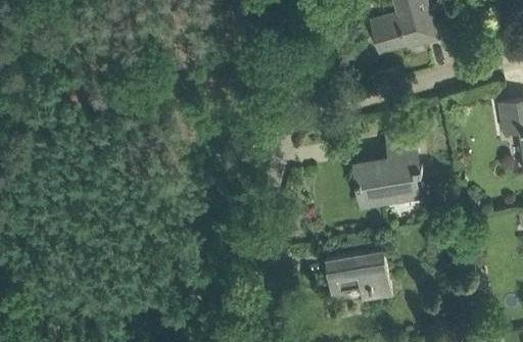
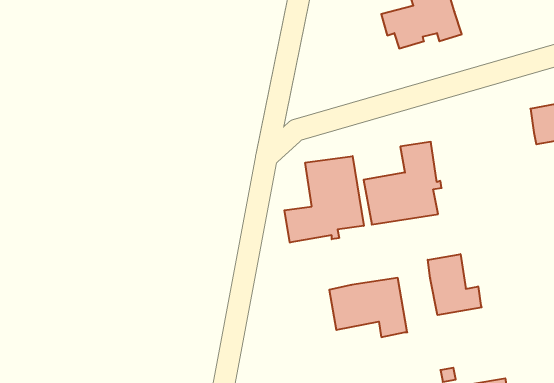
building: none -> [284,156,364,243]
building: none -> [428,254,482,315]

